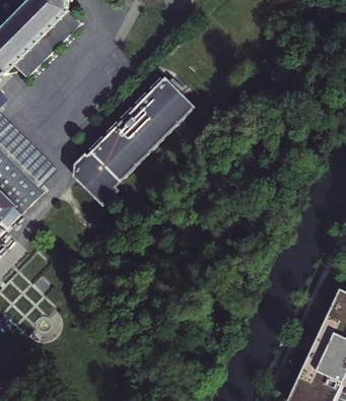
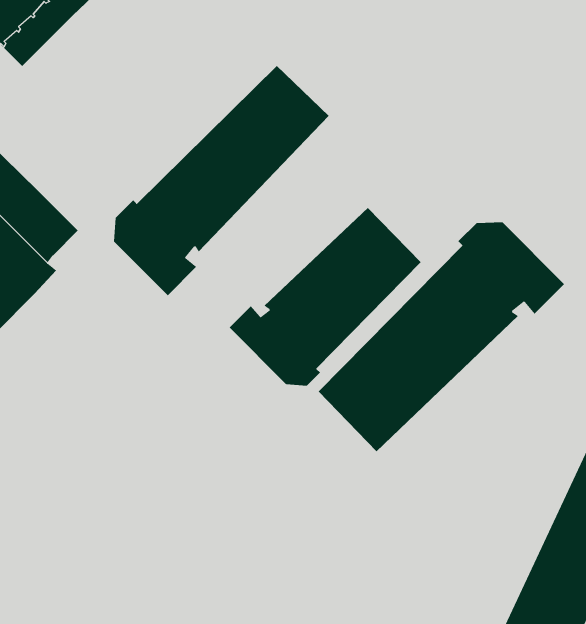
building: none -> [229,207,422,386]
building: none -> [318,222,565,452]

